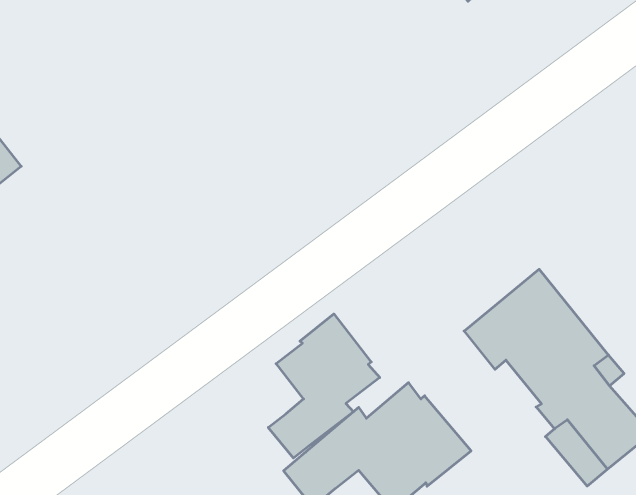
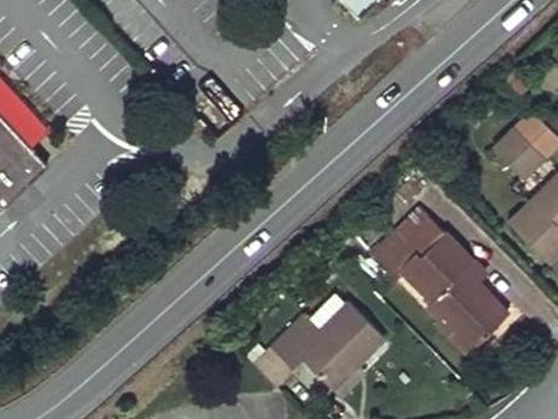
building: [268,314,380,458] -> none

